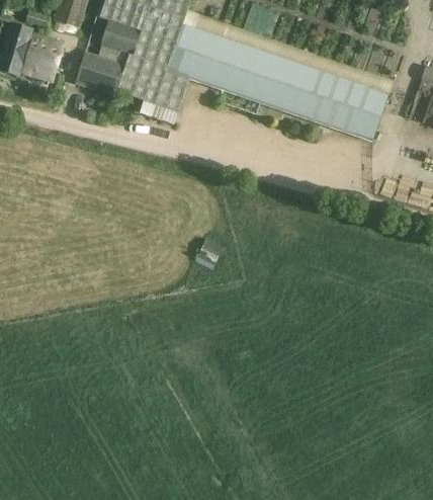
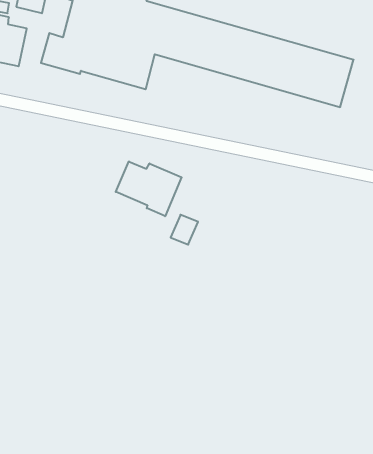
building: none -> [116,161,182,216]

